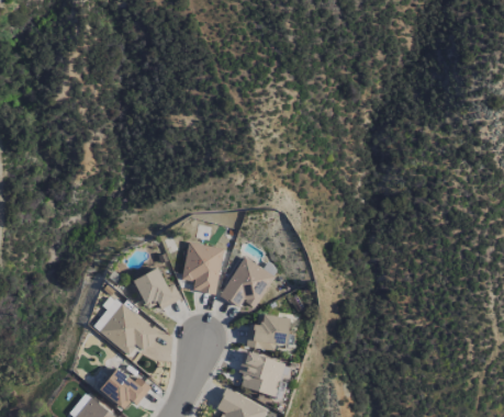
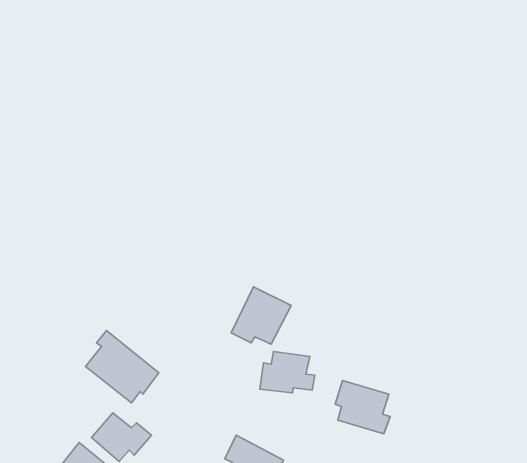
building: [182,241,224,293] -> none
building: [134,267,182,308] -> none
building: [238,350,287,397] -> [335,380,390,434]

